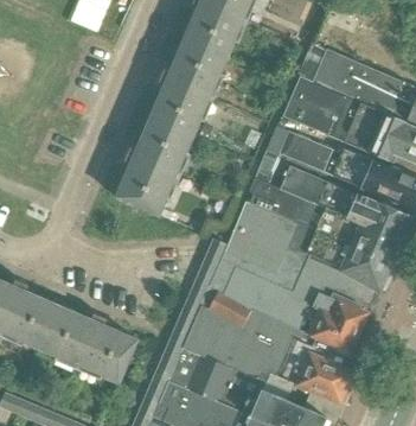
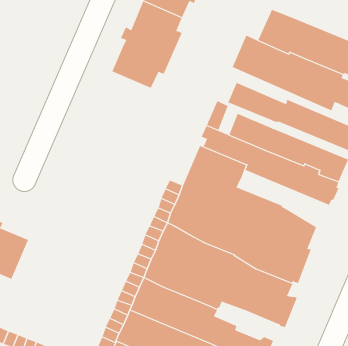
building: [117,119,196,216] -> none
building: [289,228,391,291] -> none
building: [40,305,140,383] -> none

